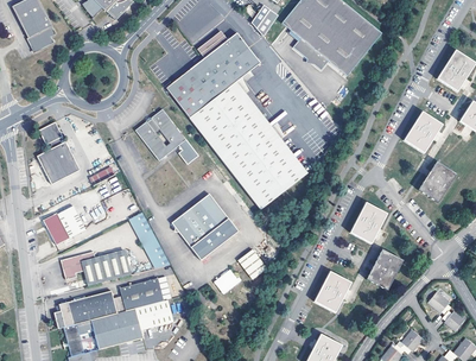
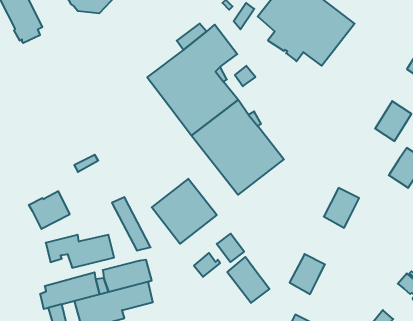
building: [135,108,198,164] -> none
building: [37,122,80,184] -> none
building: [366,248,404,290] -> none
building: none -> [227,257,269,303]

